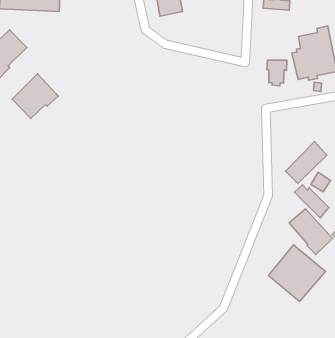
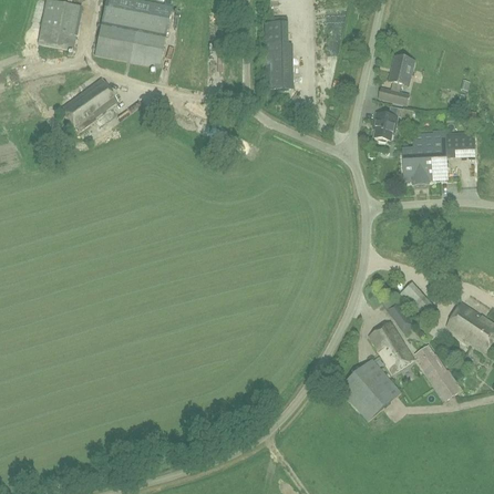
building: [267,60,287,86] -> [374,112,398,142]
building: [12,74,58,118] -> none
building: [285,142,327,183] -> none

